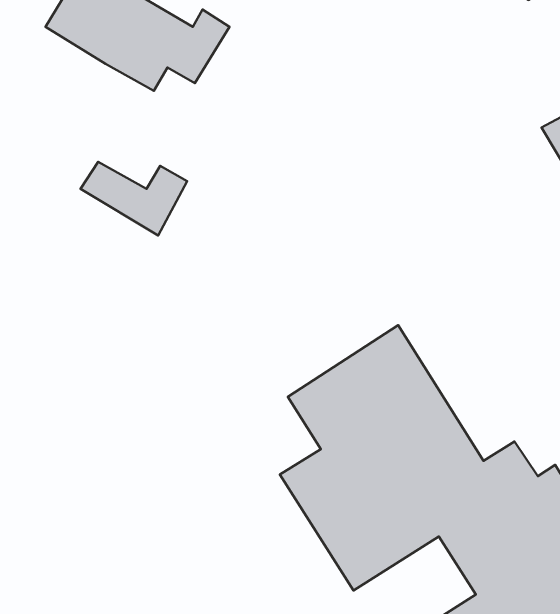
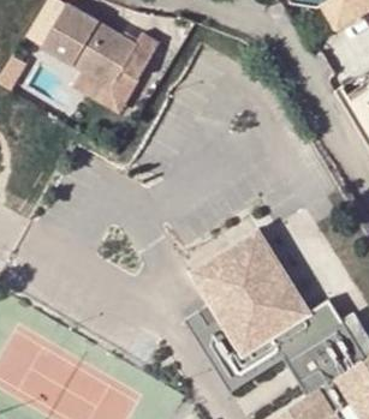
building: [81,162,187,235] -> [65,65,131,110]

